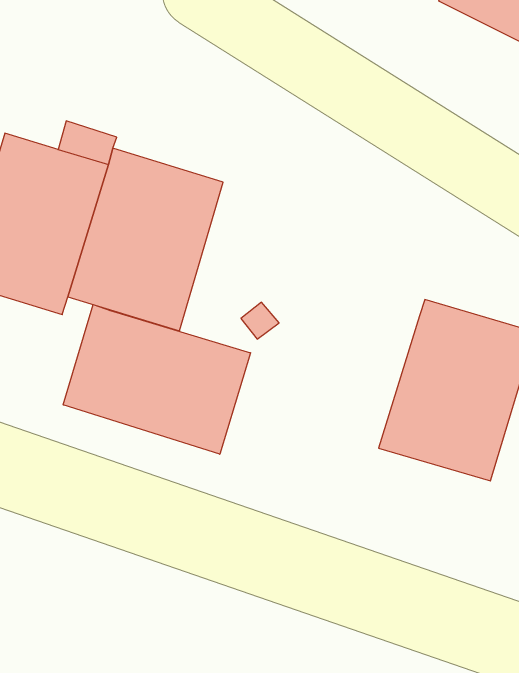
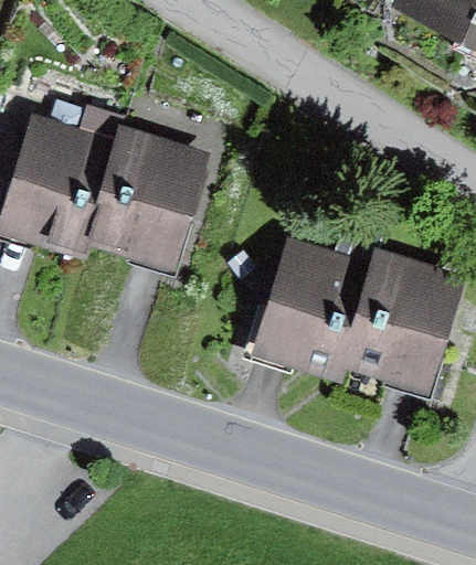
building: none -> [248,235,369,381]
building: [63,305,251,454] -> none

